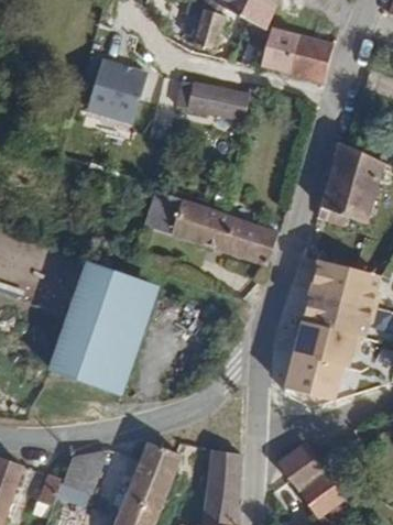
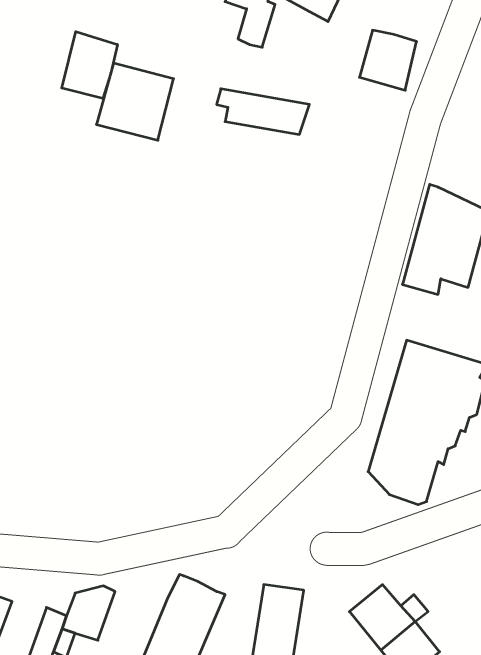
building: [242,12,296,63] -> none
building: none -> [62,32,117,99]
building: [146,198,282,270] -> none
building: [48,271,157,397] -> none

